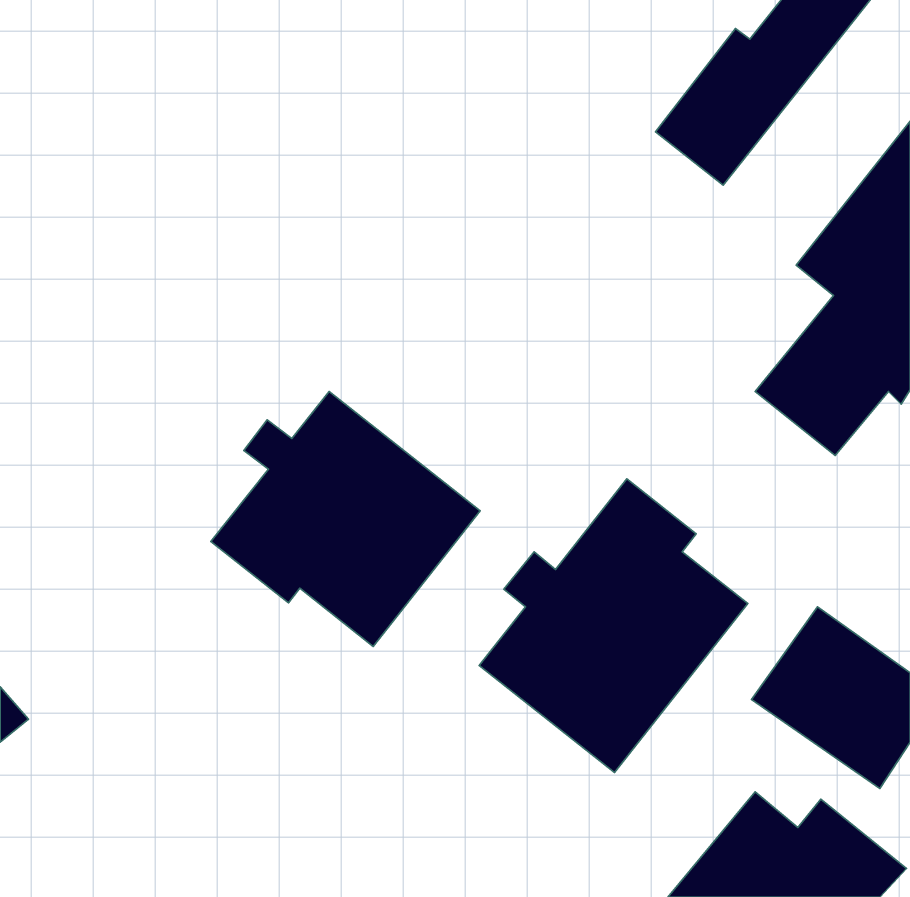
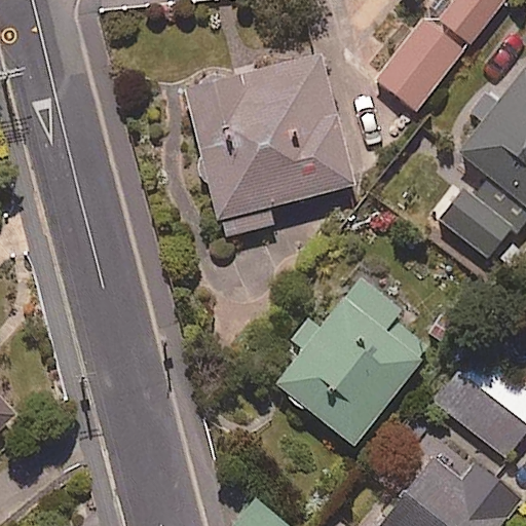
building: none -> [181,53,354,237]
building: [211,392,480,646] -> none

